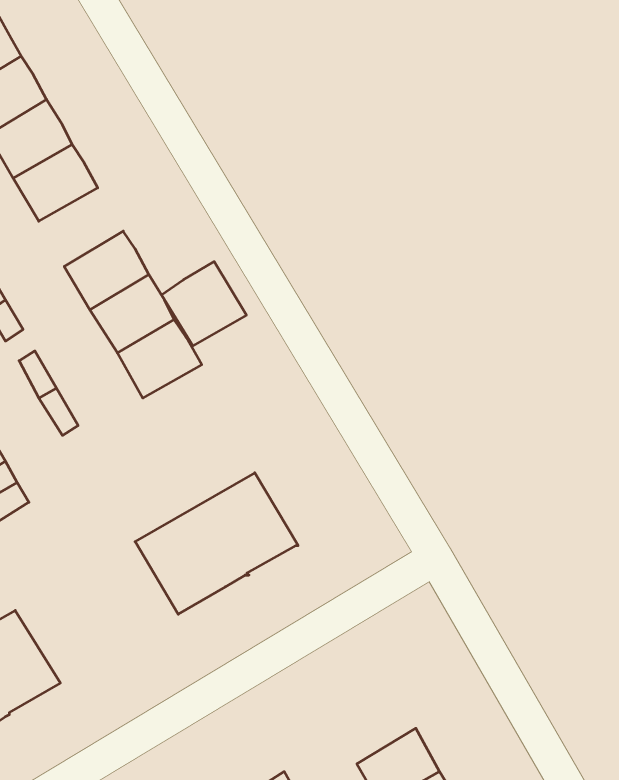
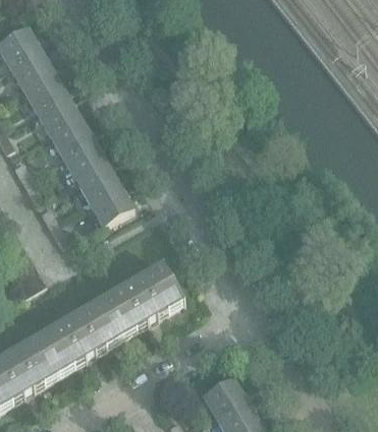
building: none -> [48,114,92,155]
building: [161,262,246,346] -> none
building: none -> [36,297,120,370]
building: none -> [201,373,244,412]

